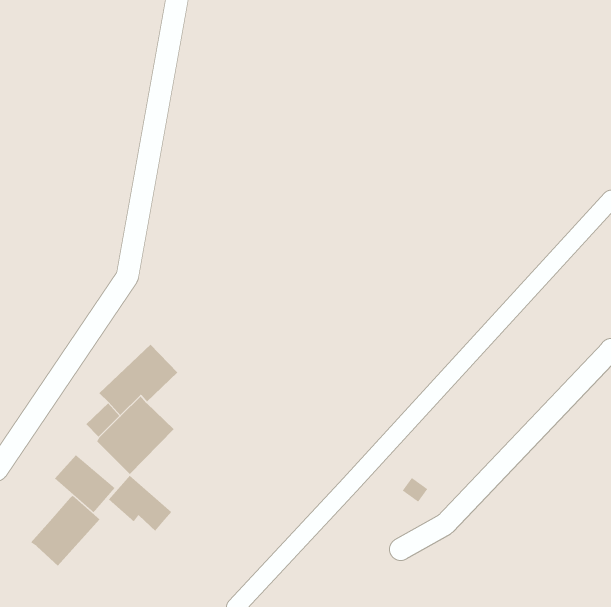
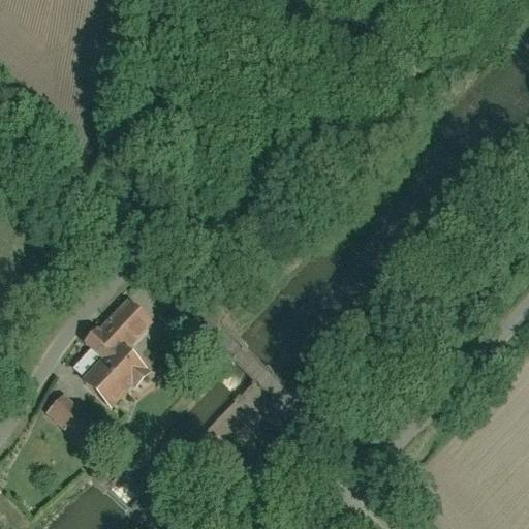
building: [108,475,172,531] -> none
building: [30,495,100,567] -> none

